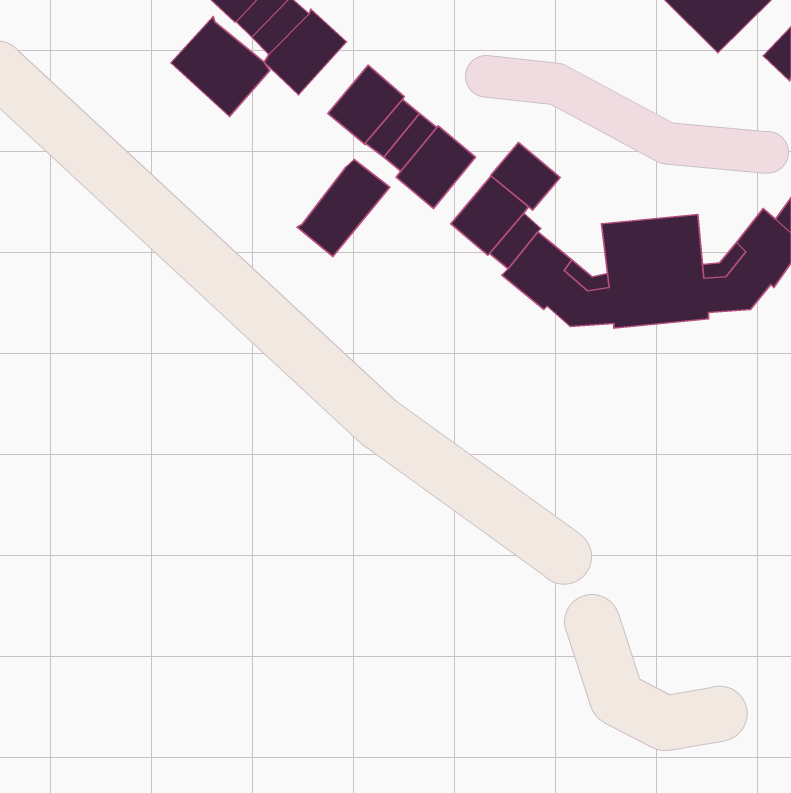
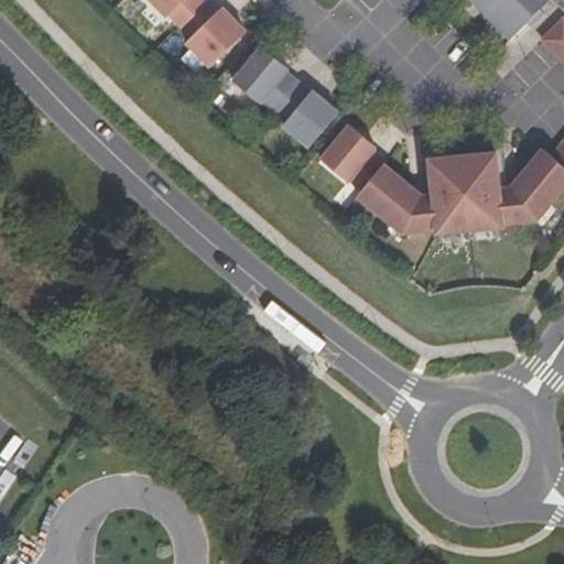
building: [171,16,270,117] -> none
building: [491,142,560,210] -> none
building: [297,160,390,257] -> none

